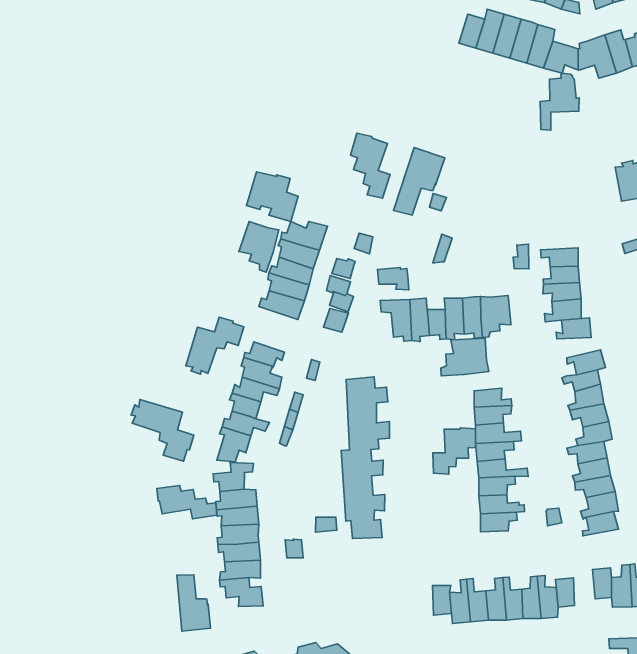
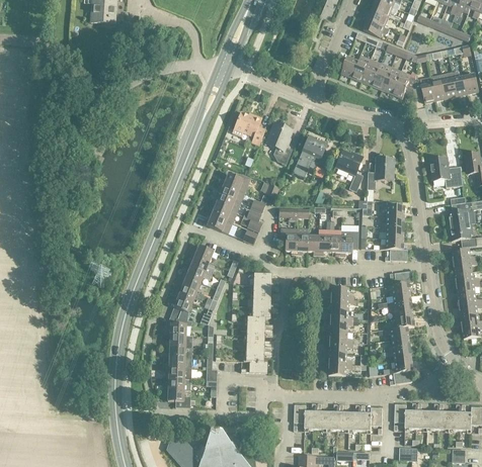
building: [540,73,579,130] -> [368,156,393,190]
building: none -> [335,151,363,192]
building: [246,172,298,221] -> [233,113,265,146]
building: [239,222,279,272] -> none
building: [186,317,244,374] -> none
building: [441,338,489,376] -> none
building: [131,400,194,461] -> none
building: [433,428,476,474] -> none
building: [157,486,217,519] -> none
building: [177,575,210,631] -> none

